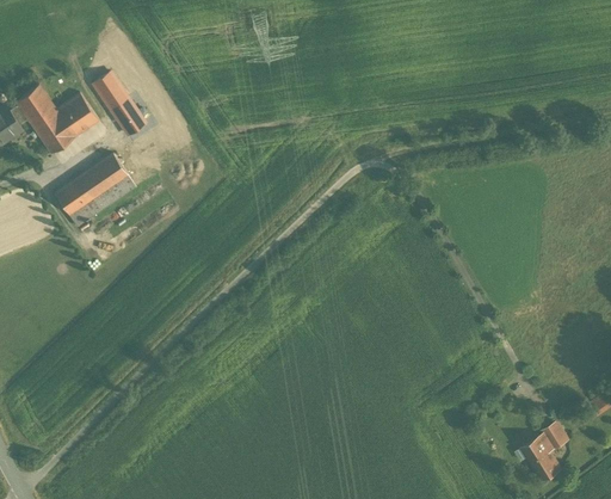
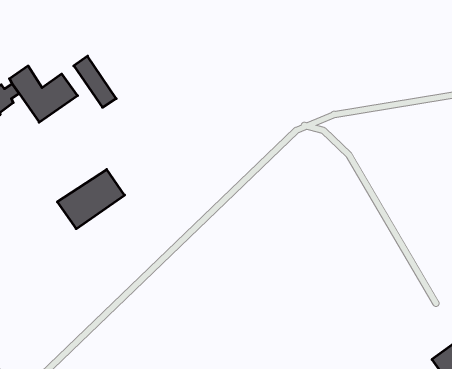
building: [54,155,135,227] -> [57,169,125,229]

